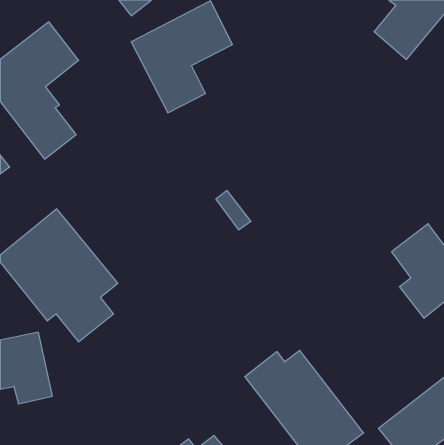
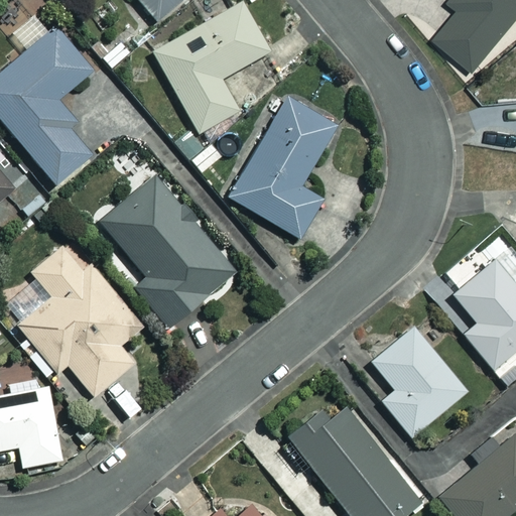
building: none -> [229,94,340,241]
building: none -> [101,171,241,327]
building: none -> [371,327,467,436]

